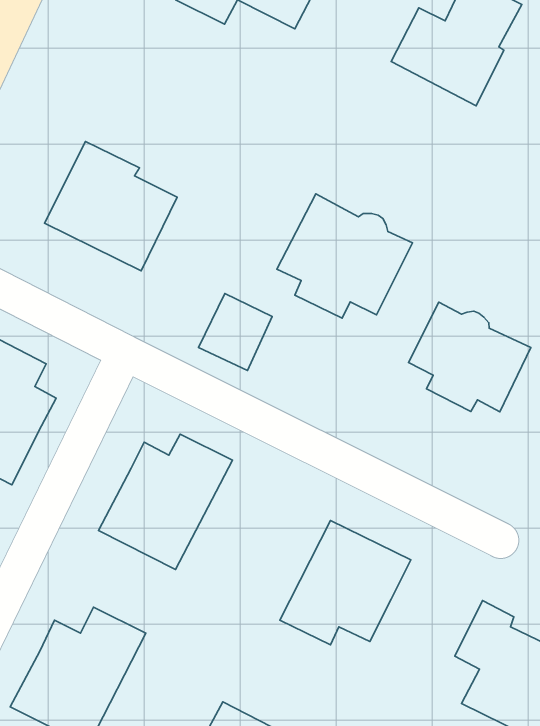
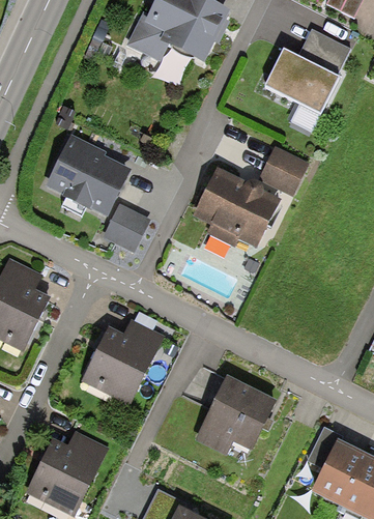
building: none -> [260,149,307,195]
building: [199,294,272,370] -> [104,204,150,253]
building: [409,302,531,412] -> none

